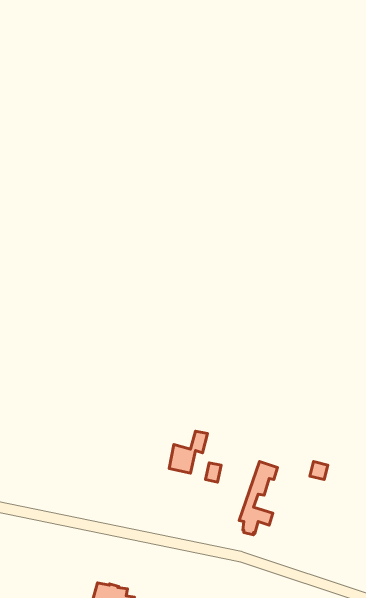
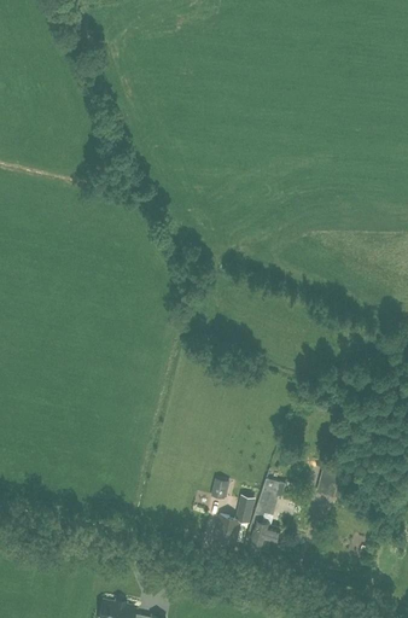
building: [169,431,207,473] -> [215,500,253,542]

